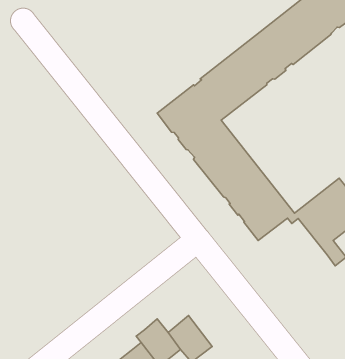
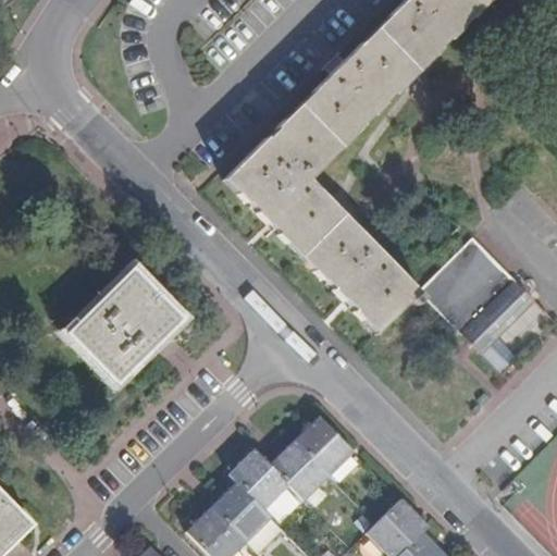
building: none -> [70,267,184,383]
building: none -> [296,416,356,477]

